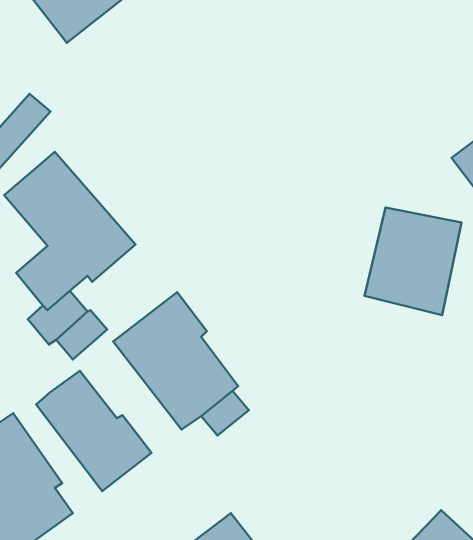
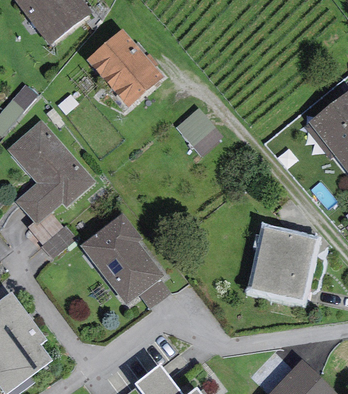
building: none -> [84,29,163,109]
building: none -> [175,106,222,153]
building: [365,208,462,315] -> [250,230,315,302]
building: [36,371,152,491] -> none

